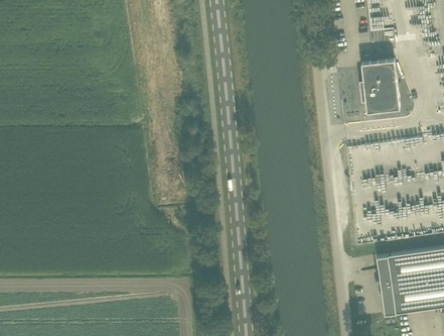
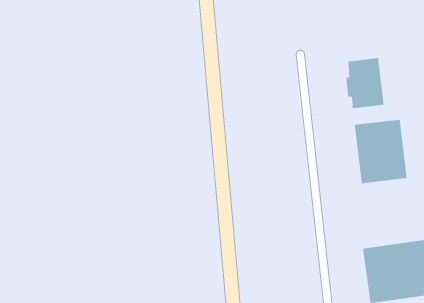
building: none -> [354,119,408,184]

